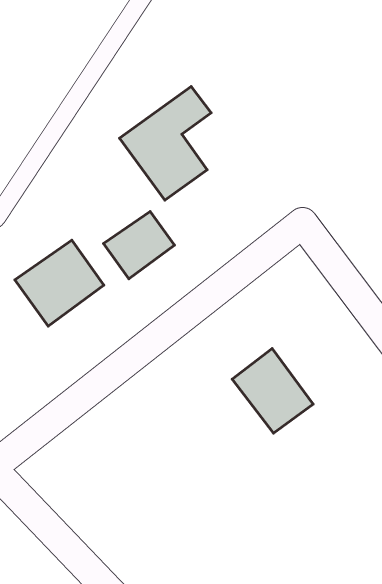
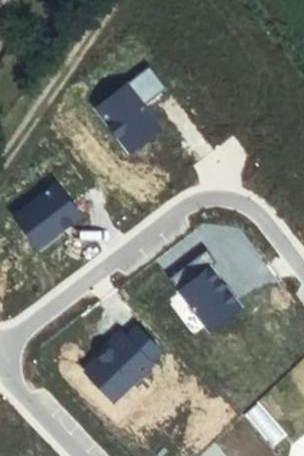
building: [104,211,175,279] -> none
building: none -> [86,328,160,402]

